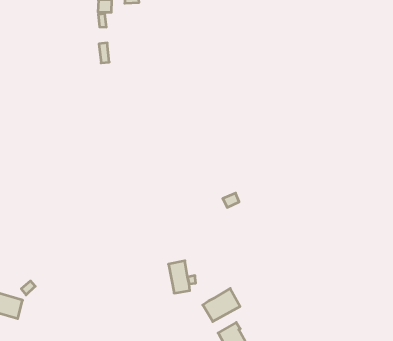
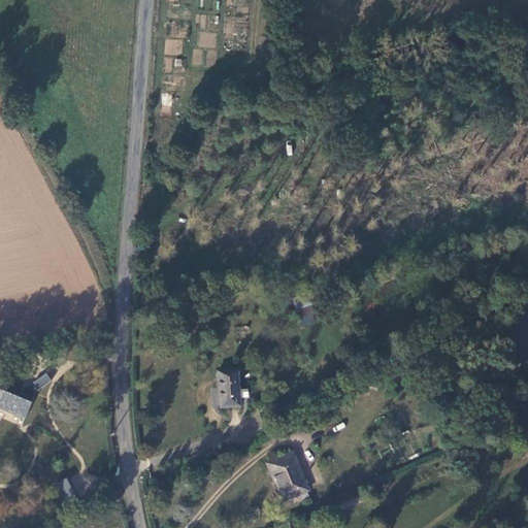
building: [203,288,240,322] -> none

